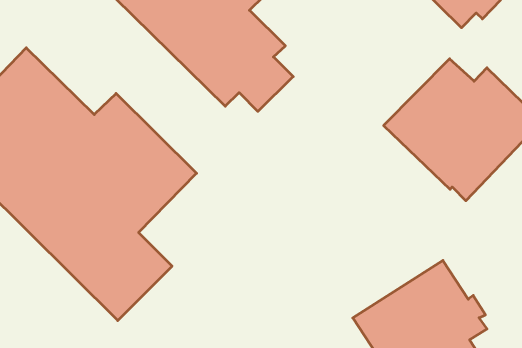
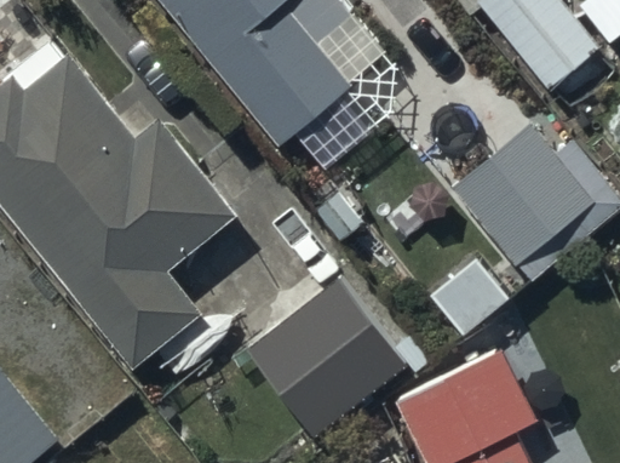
building: none -> [272,257,418,410]

